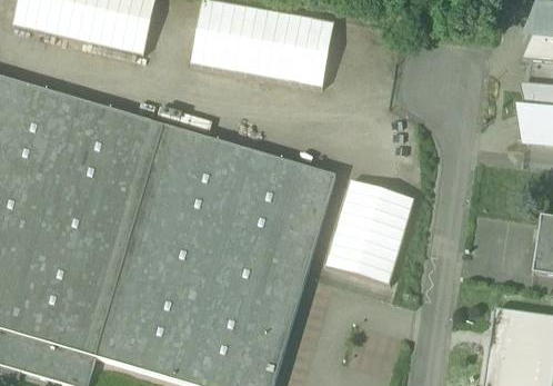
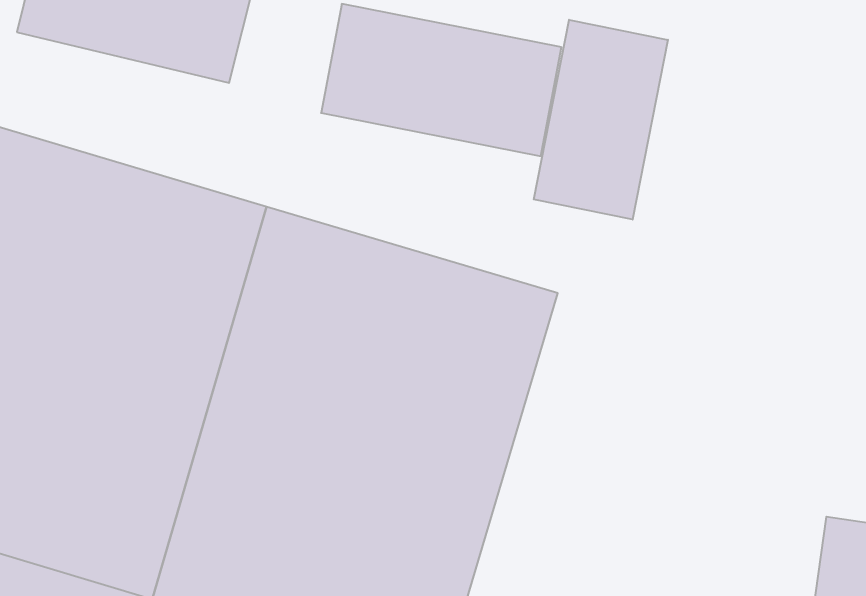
building: none -> [534,20,668,220]
building: [325,179,412,283] -> none

